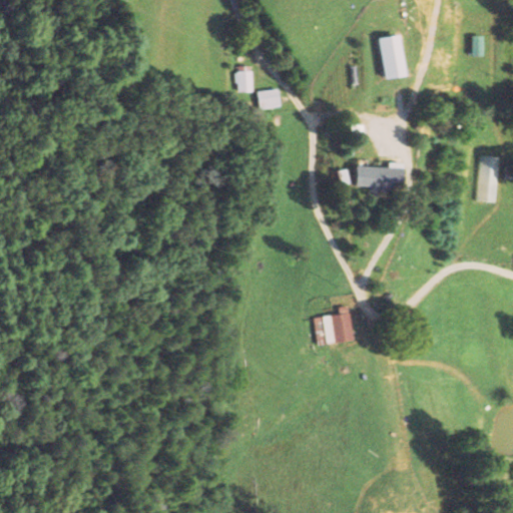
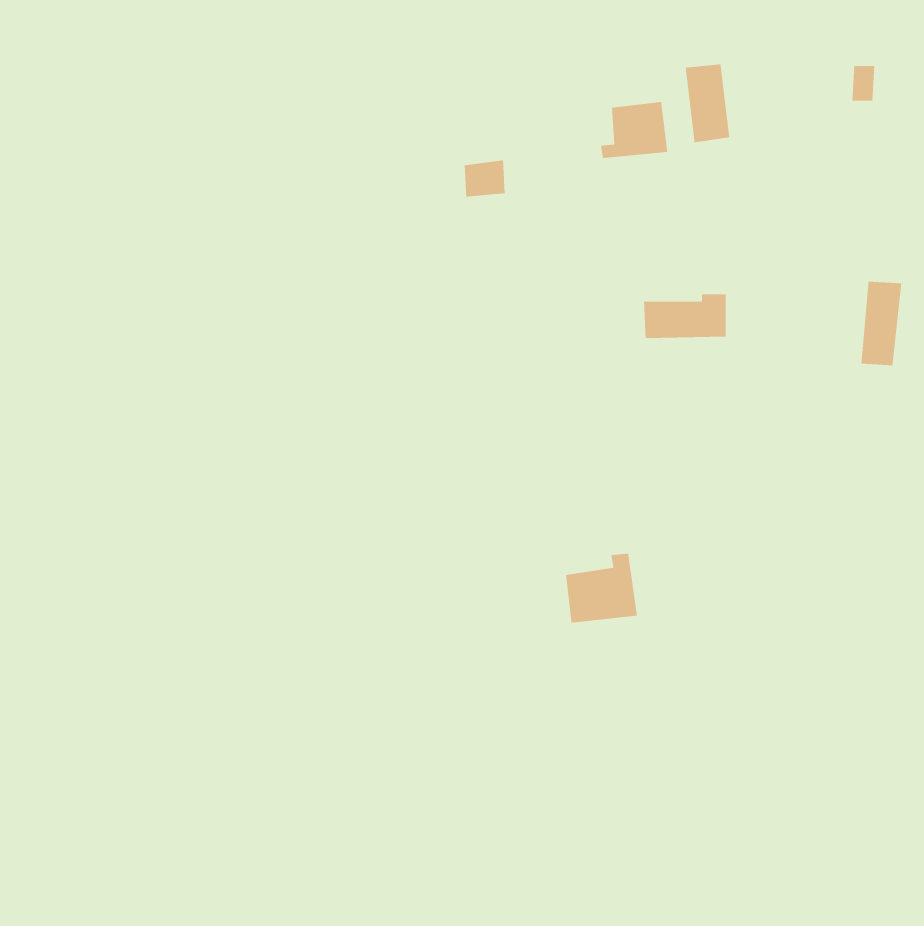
building: none -> [600,101,668,159]
building: [236,66,252,92] -> none

